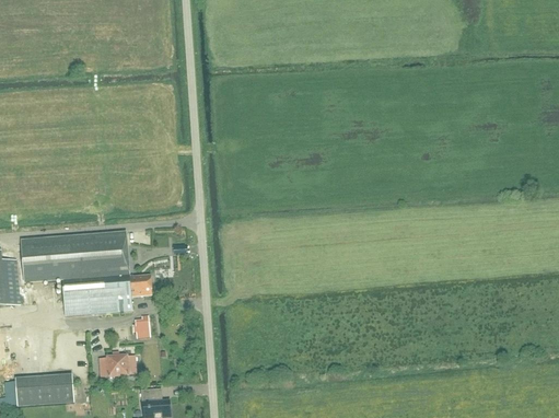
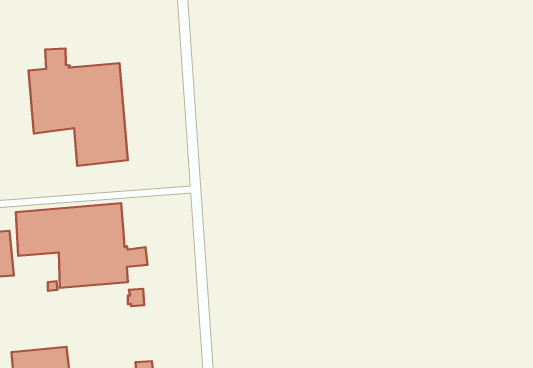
building: none -> [28,49,128,166]
building: [98,352,135,374] -> none

